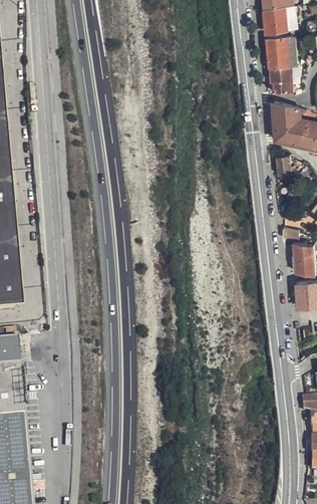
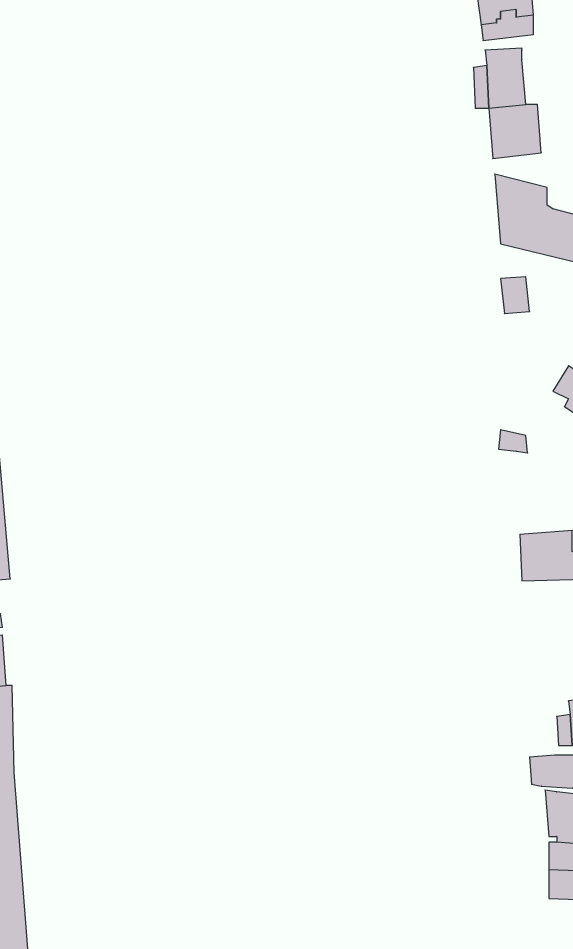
building: [286,244,309,277] -> none

